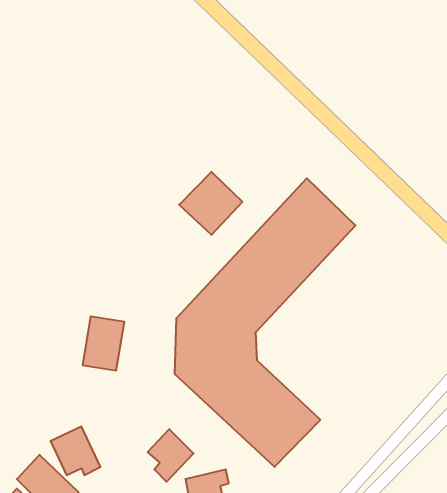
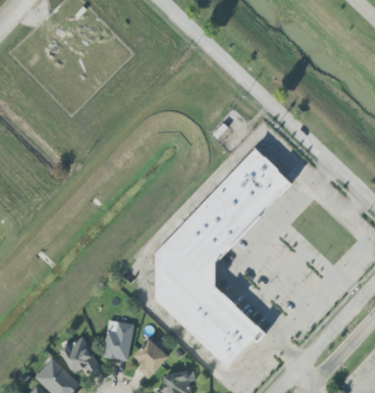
building: [179,172,242,235] -> none
building: [83,316,124,370] -> [102,321,133,361]

